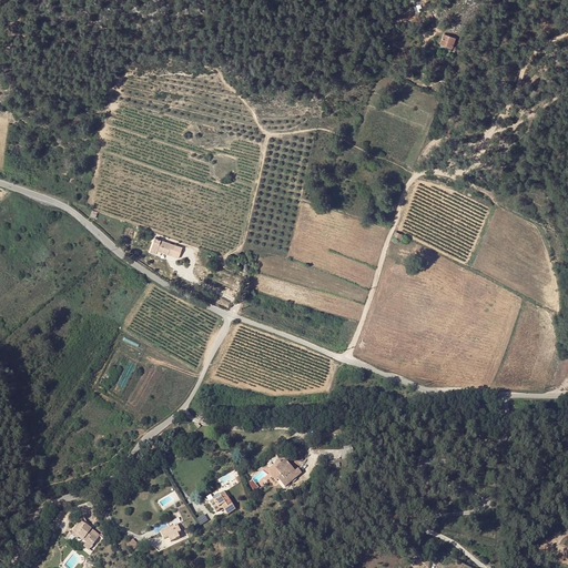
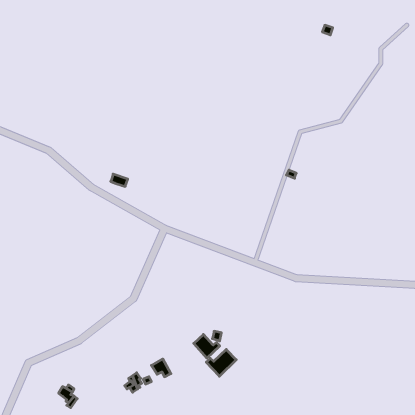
building: none -> [206,349,236,376]

